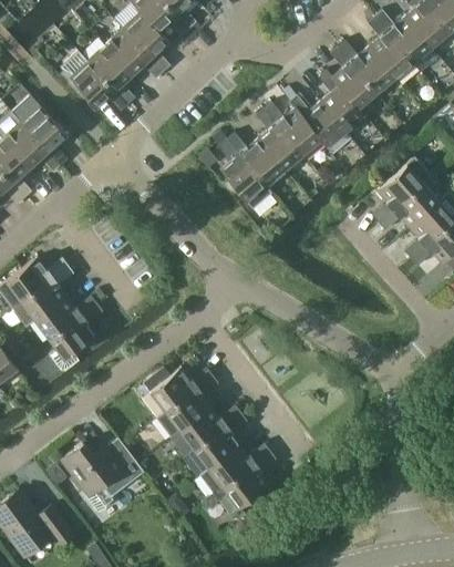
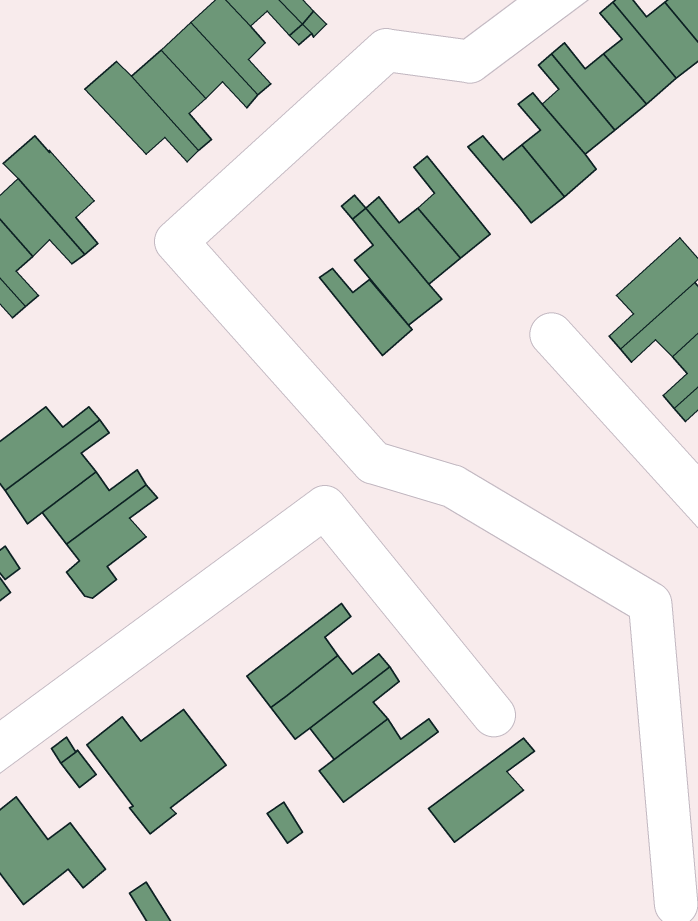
building: [264,103,319,155] -> [319,268,412,356]
building: [143,368,213,412] -> none
building: [214,452,277,514] -> [429,738,535,842]

